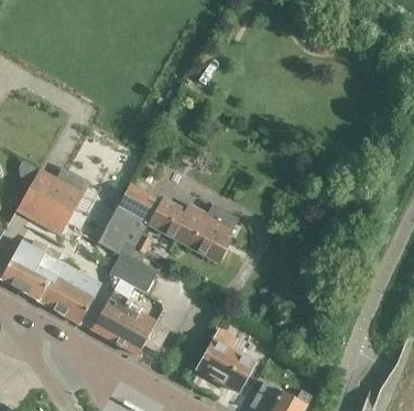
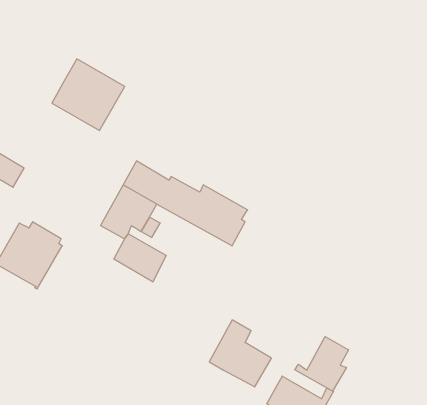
building: [17,167,84,234] -> [52,59,125,131]
building: [39,260,101,322] -> none
building: [92,289,170,354] -> none
building: none -> [295,337,349,391]

